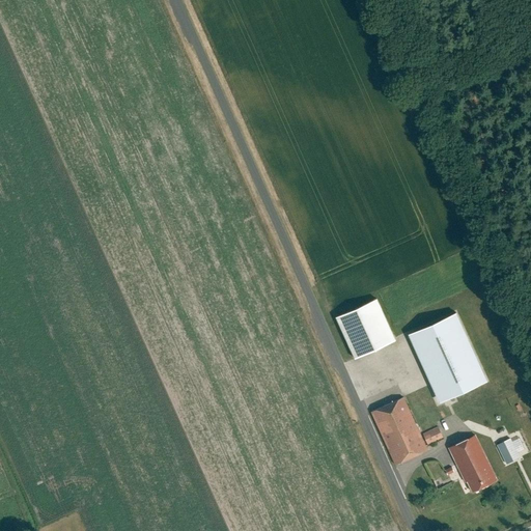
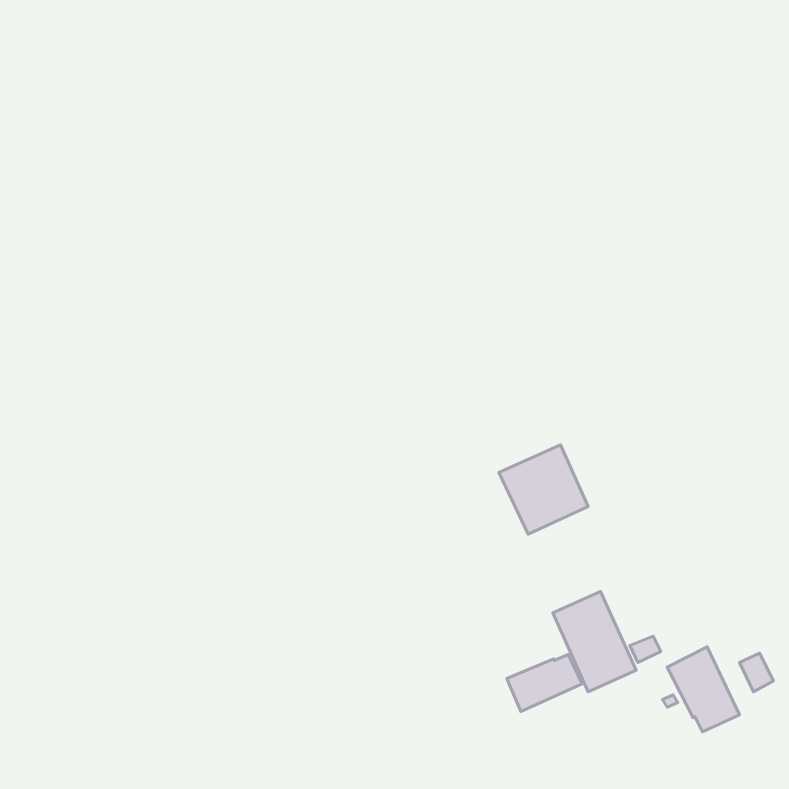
building: [414,313,486,401] -> none
building: none -> [507,654,582,711]

